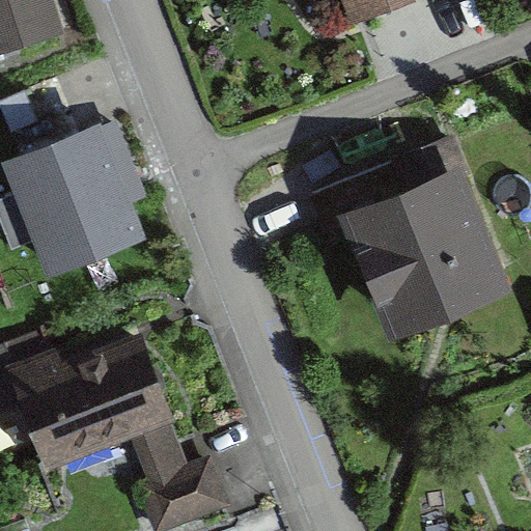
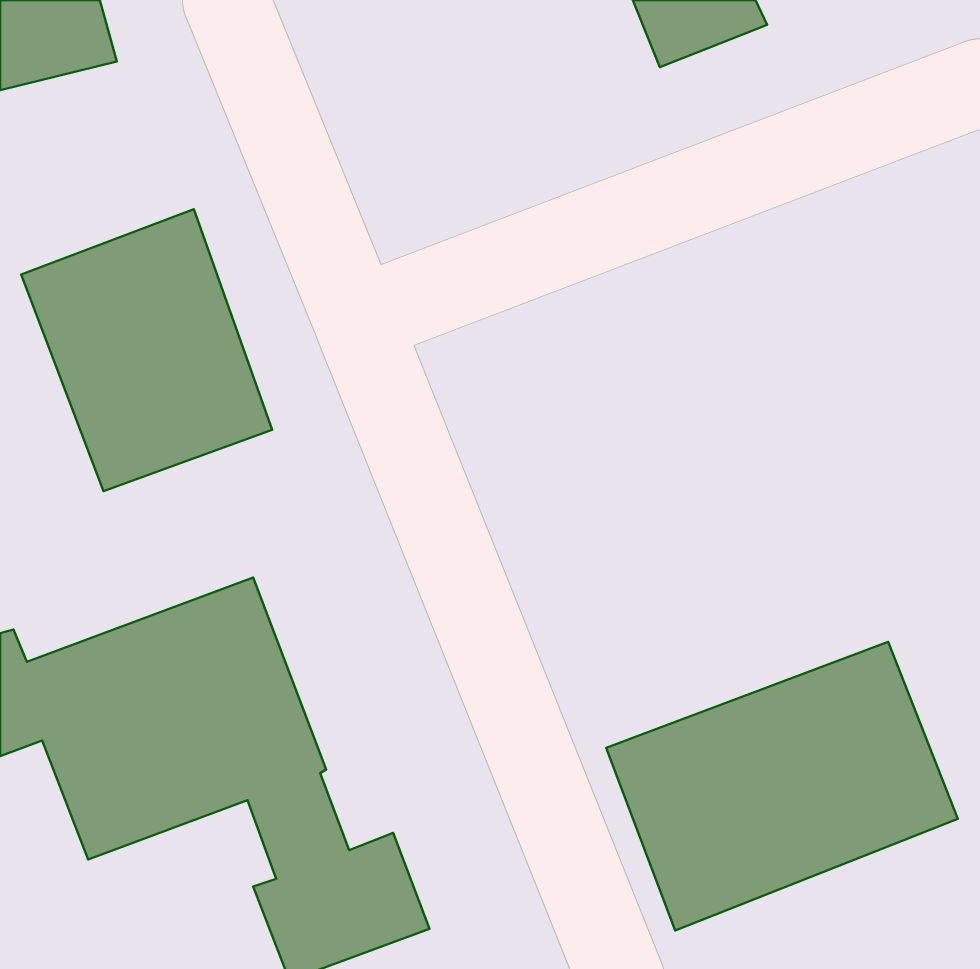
building: [324,171,493,347] -> none
building: none -> [606,642,958,931]

